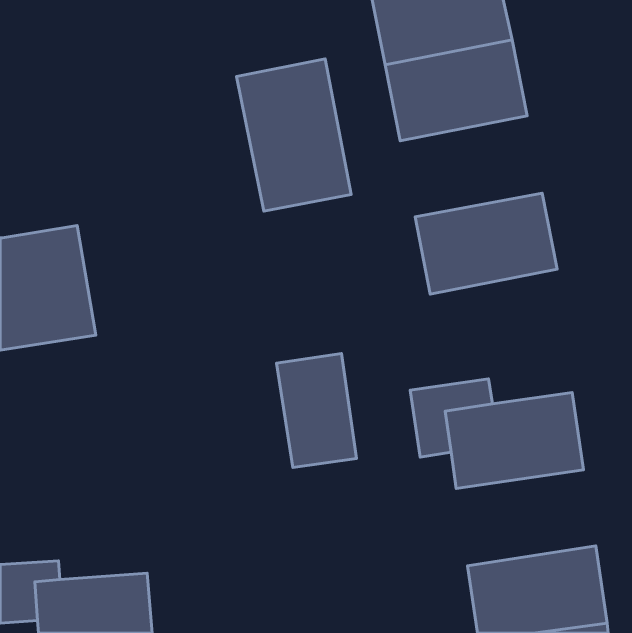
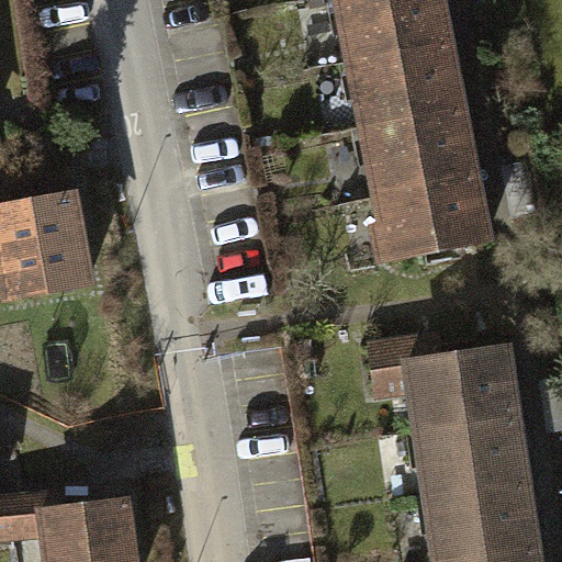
building: [236,59,351,211] -> none
building: none -> [357,102,482,191]
building: [277,353,357,468] -> none
building: none -> [406,414,529,498]

